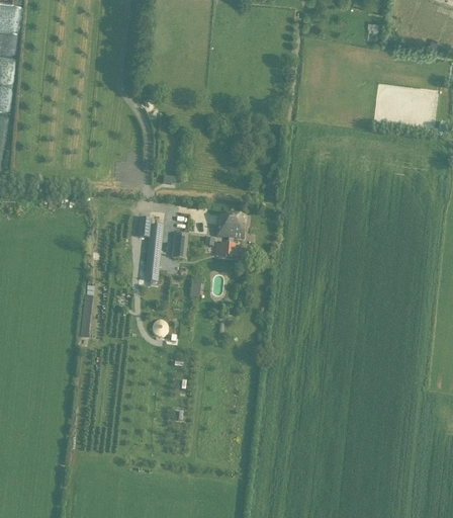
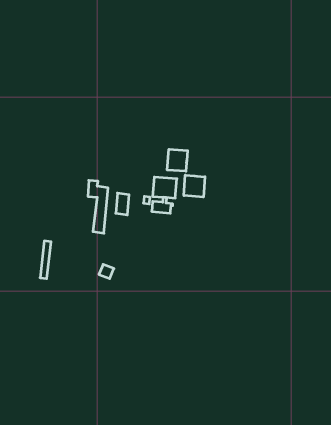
building: none -> [167,149,188,171]
building: none -> [184,175,205,197]

